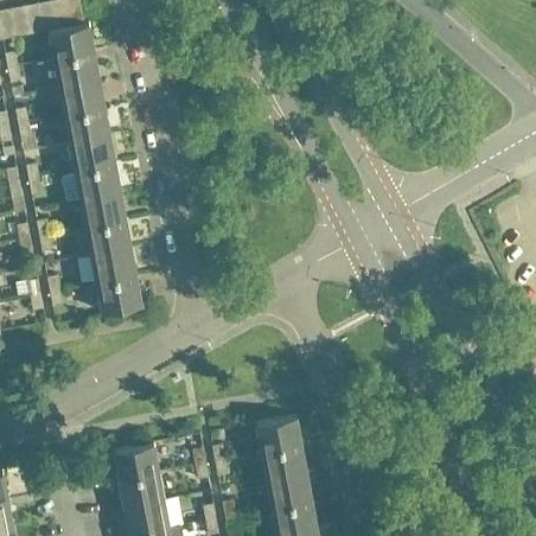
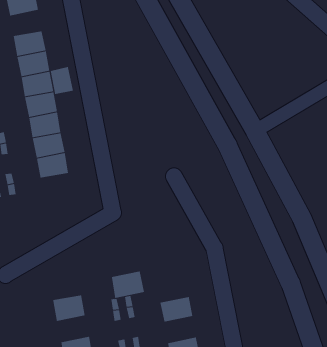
building: [55,55,100,90] -> none
building: none -> [50,66,73,95]
building: [96,279,142,315] -> none
building: [256,419,302,457] -> [111,271,145,298]
building: [119,474,165,511] -> none
building: [267,476,312,512] -> none

